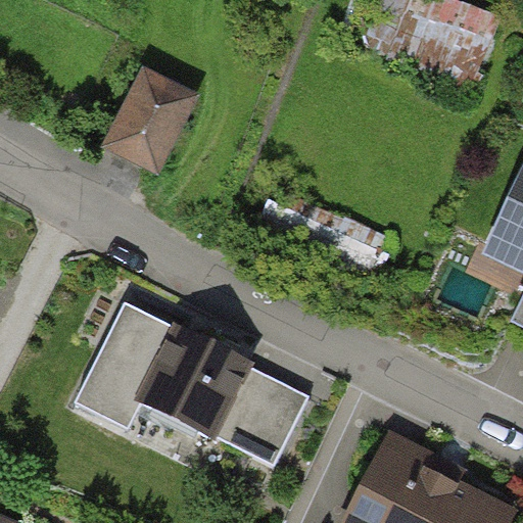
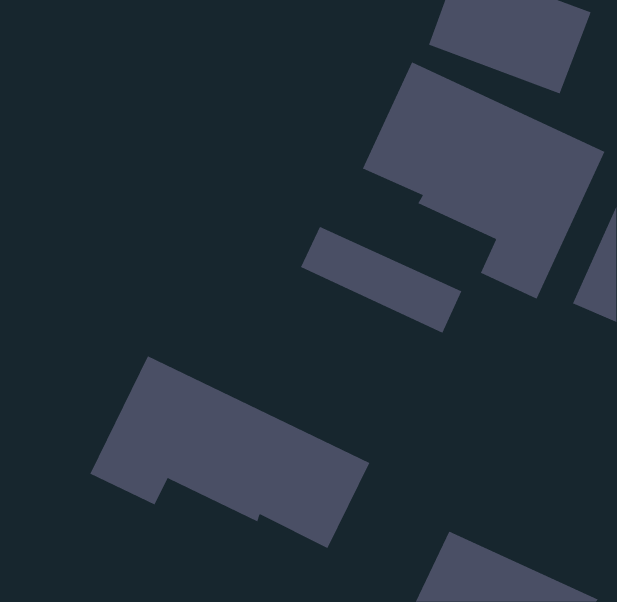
building: none -> [362,61,605,300]
building: [102,63,202,176] -> none

